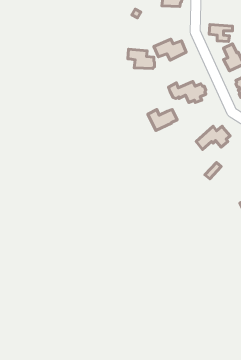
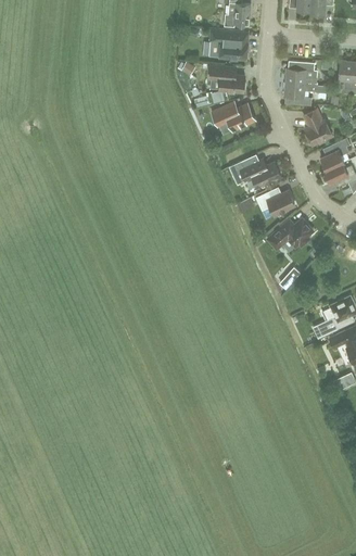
building: none -> [284,60,316,84]
building: [128,49,155,69] -> [208,64,244,90]
building: [148,109,177,131] -> [254,190,293,218]

